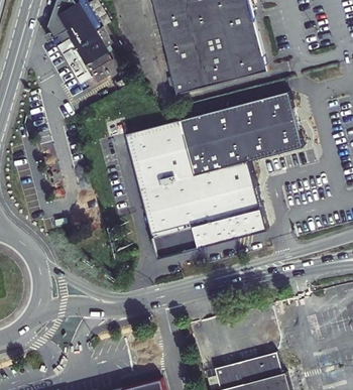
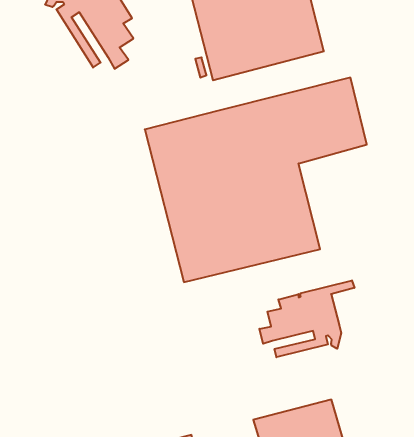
building: none -> [259,280,354,357]

